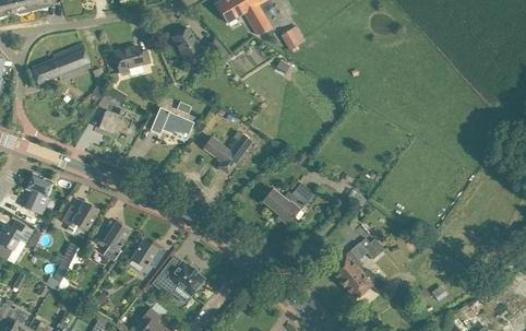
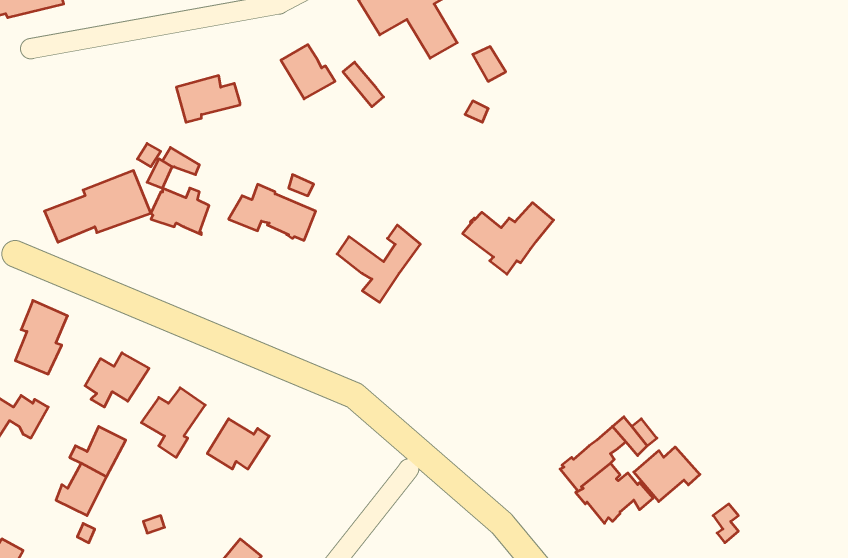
building: [29,44,89,84] -> [44,171,151,242]
building: [261,184,312,224] -> [463,203,554,274]
building: none -> [634,447,700,502]
building: [152,261,203,295] -> none

